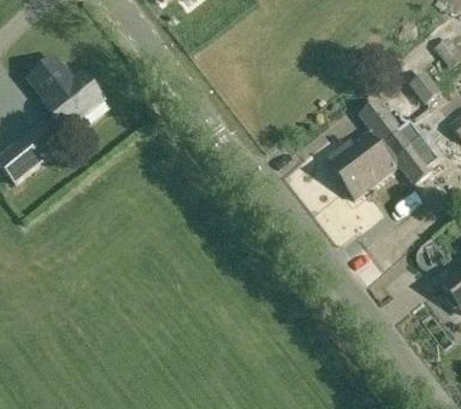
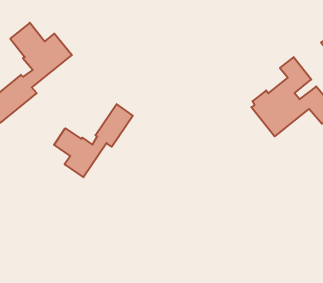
building: none -> [54,104,133,177]

